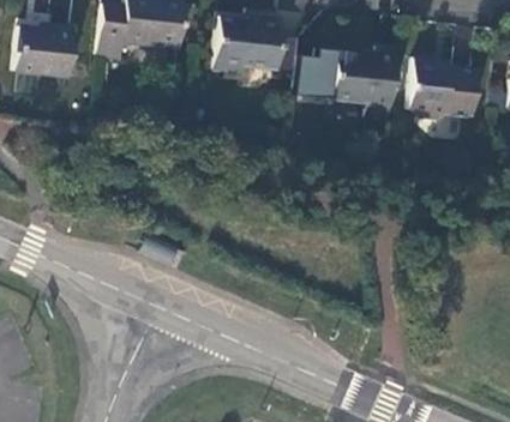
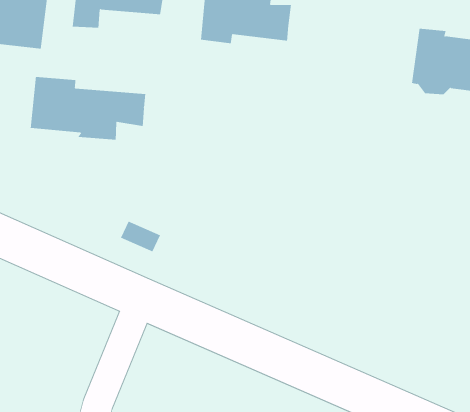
building: [293,49,396,122] -> none
building: none -> [30,76,146,140]

